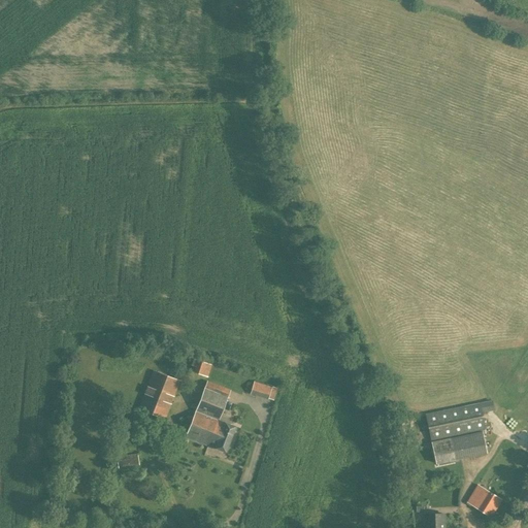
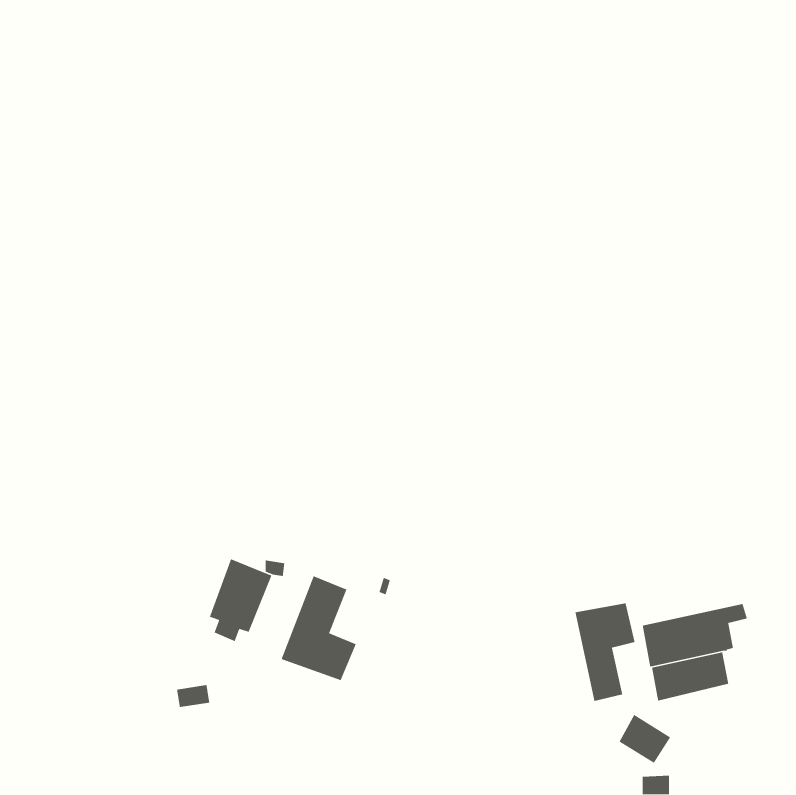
building: none -> [574,602,635,702]
building: [467,484,502,517] -> [618,714,671,764]

